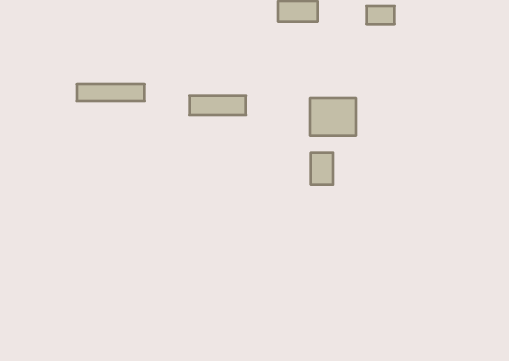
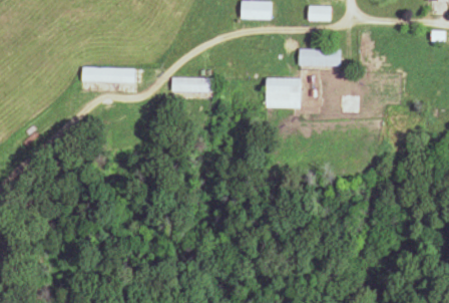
building: none -> [300,49,342,66]
building: [311,153,333,185] -> none

